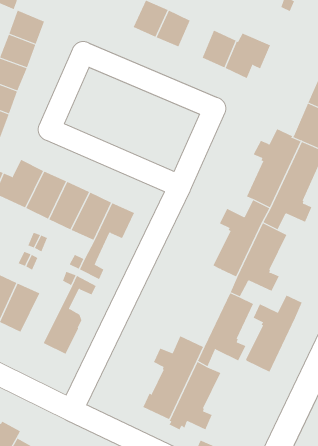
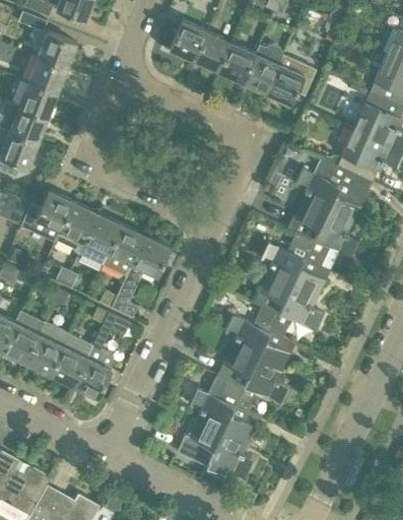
building: none -> [217,43,254,82]
building: none -> [50,332,93,385]
building: [245,295,303,372] -> [217,307,278,389]

